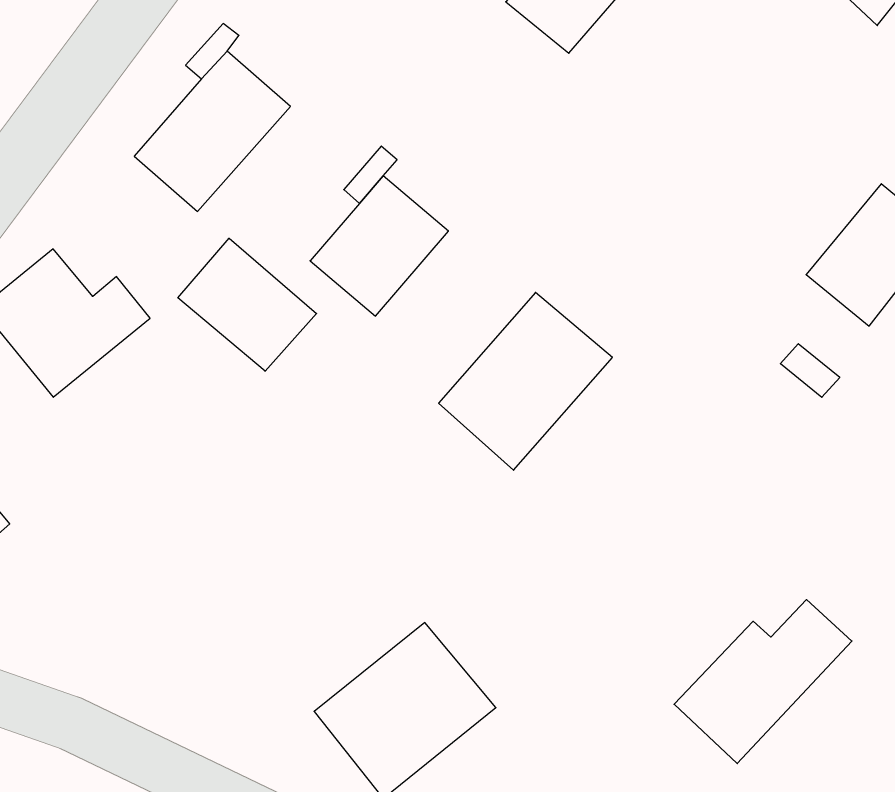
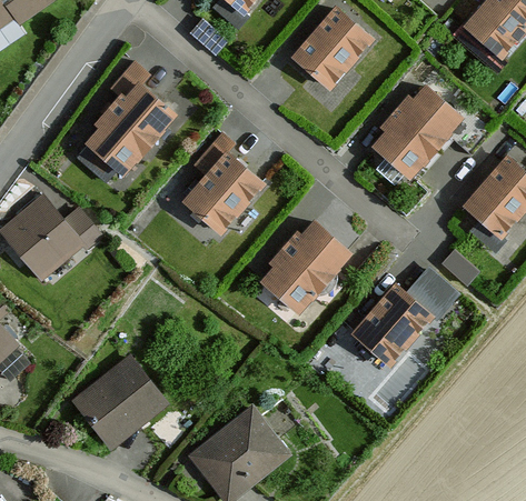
building: none -> [370,86,466,181]
building: [178,238,317,371] -> none
building: none -> [72,355,167,448]
building: [674,600,852,764] -> [354,273,454,365]

